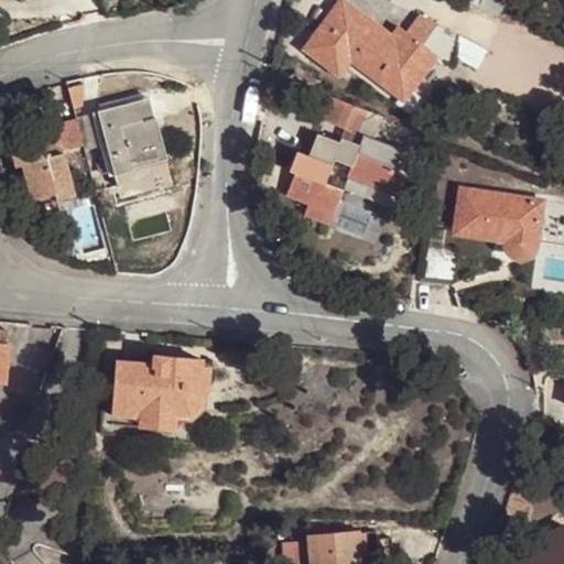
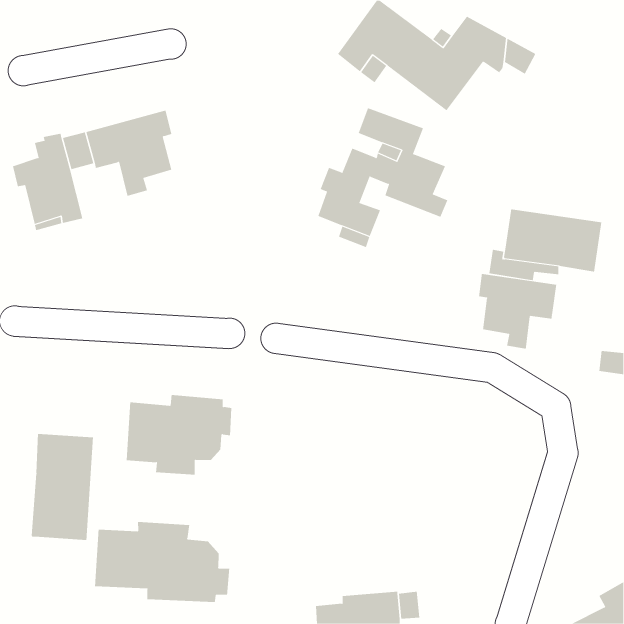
building: [115,121,166,188] -> none
building: none -> [479,273,557,350]
building: none -> [31,433,93,541]
building: none -> [94,521,230,603]

